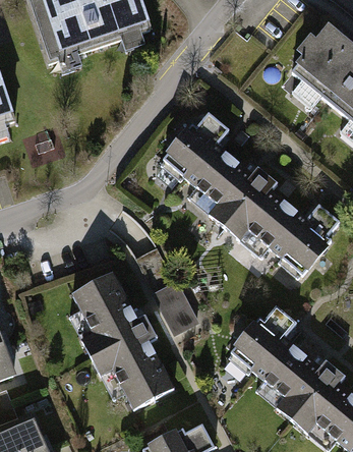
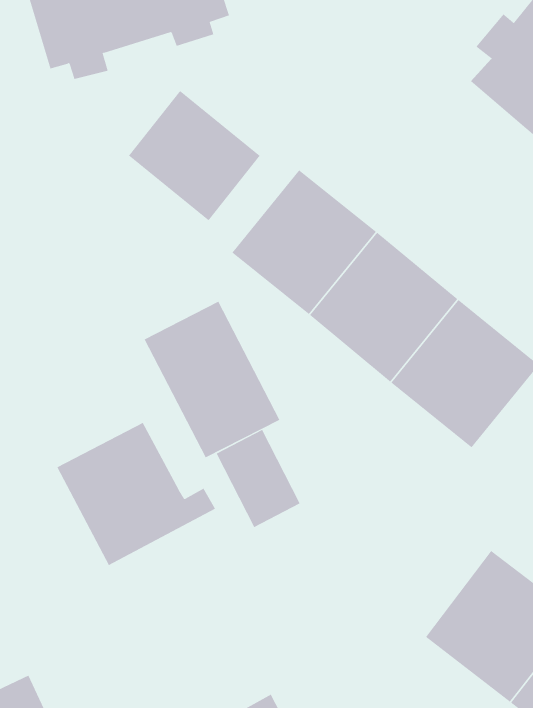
building: none -> [128,90,260,221]
building: none -> [144,301,280,458]
building: [224,309,309,396] -> none
building: [84,321,171,413] -> none

